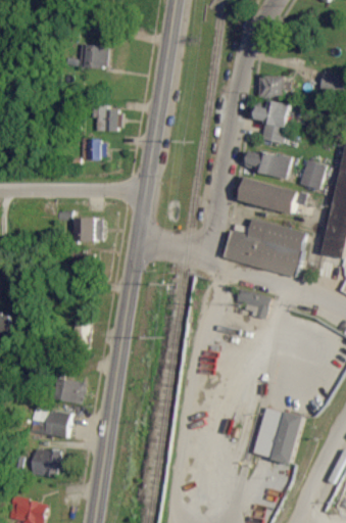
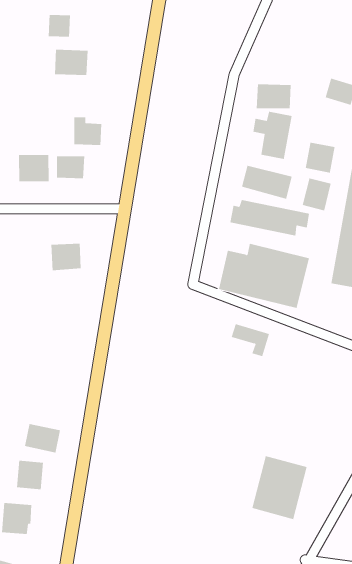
building: none -> [48,14,70,38]
building: none -> [305,142,335,173]
building: none -> [19,154,49,182]

